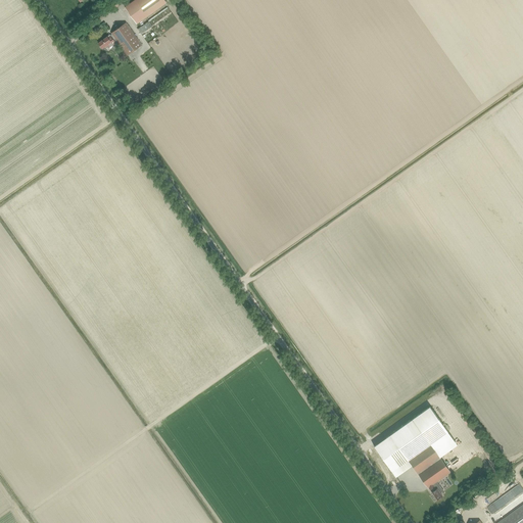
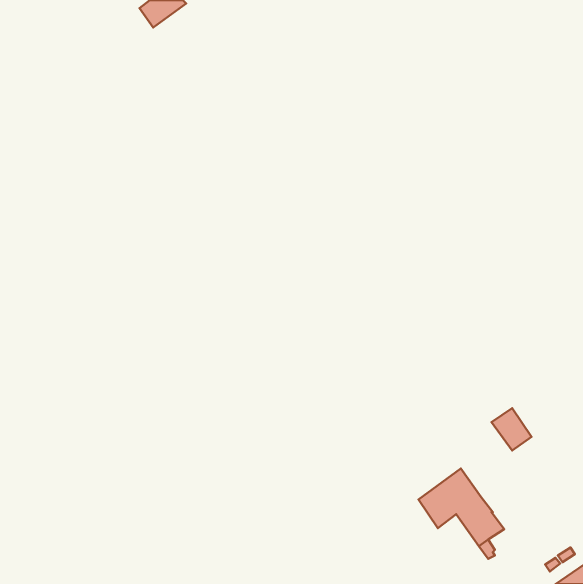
building: [99,22,142,55] -> none
building: [413,407,448,444] -> [492,408,532,451]

